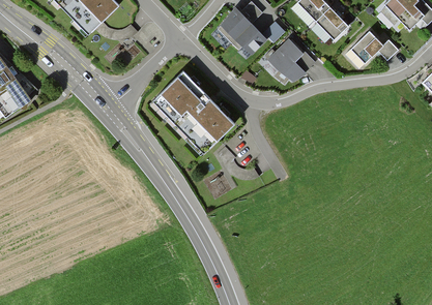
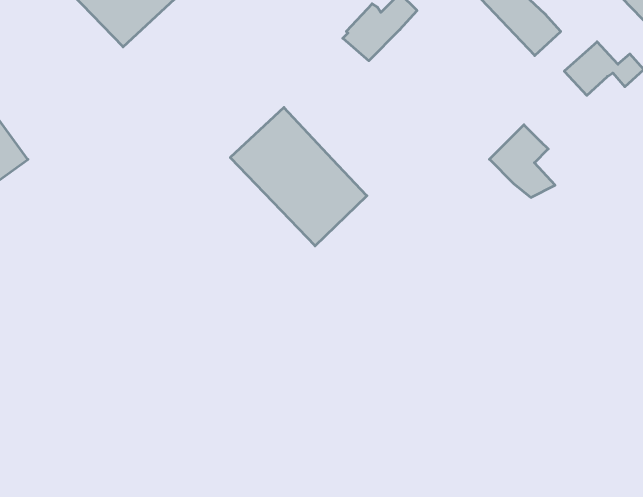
building: [233,22,285,57] -> none
building: [266,39,306,83] -> [489,125,555,197]

